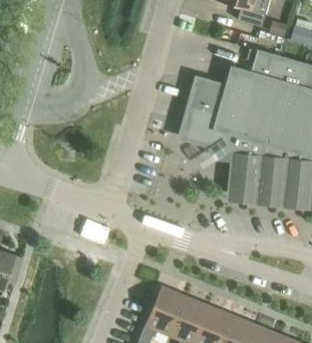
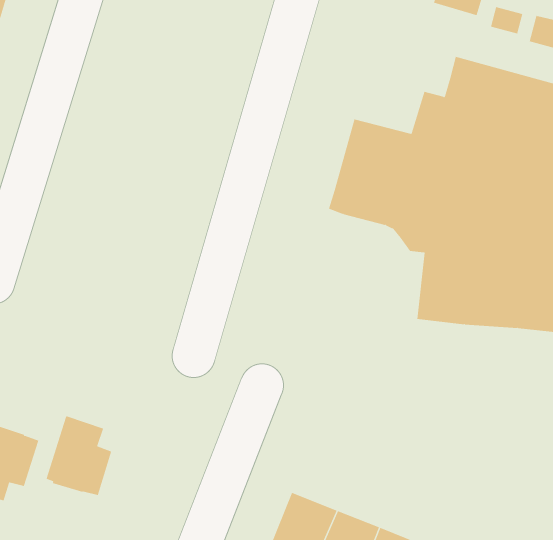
building: none -> [46,415,112,496]

